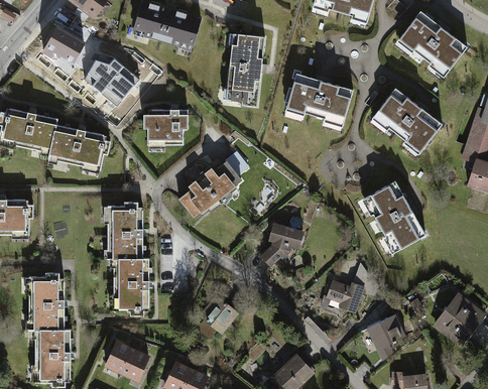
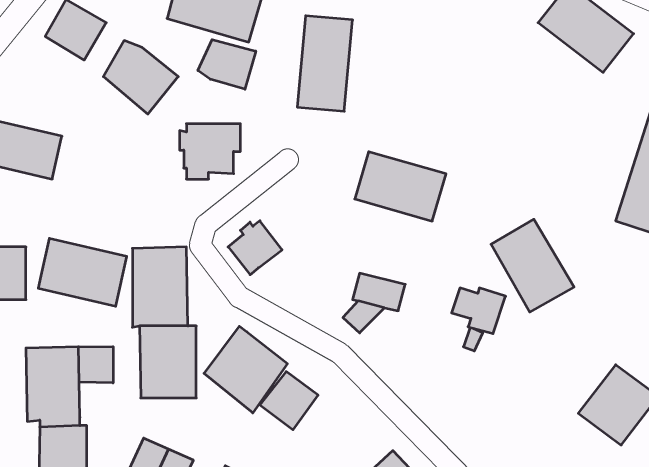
building: none -> [198,40,256,89]
building: [287,74,354,124] -> [355,152,446,221]
building: [375,90,442,153] -> none
building: [44,126,109,175] -> [38,238,127,306]
building: [198,162,240,205] -> none
building: none -> [204,326,287,413]
building: none -> [79,347,113,383]
building: [326,278,365,311] -> [452,288,506,334]
building: [367,311,407,357] -> none

